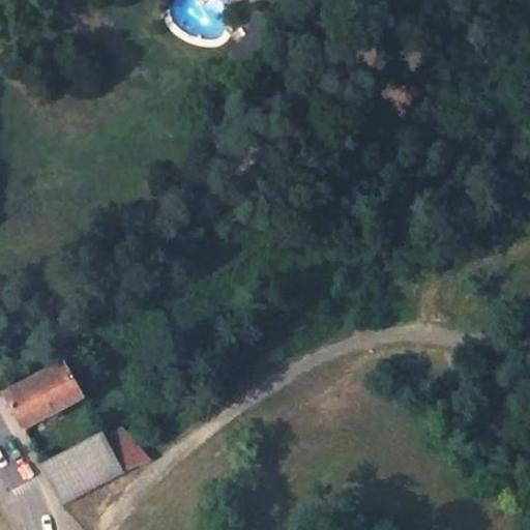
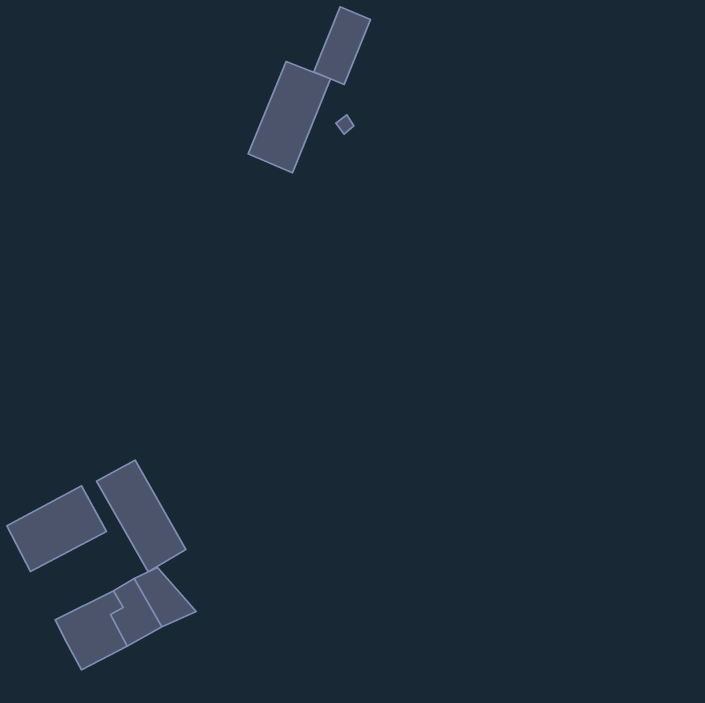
building: none -> [248,61,330,173]
building: none -> [97,460,186,572]

